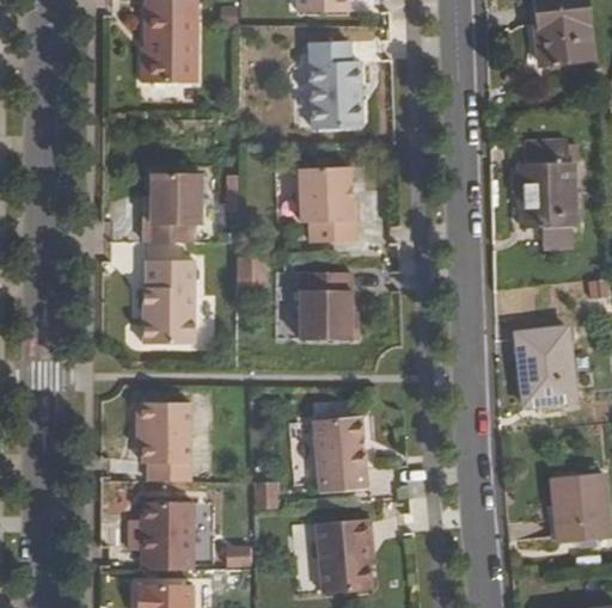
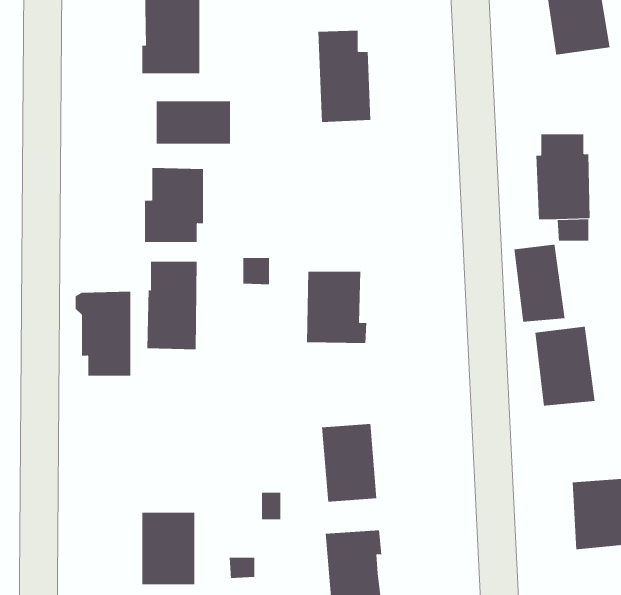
building: none -> [156,101,231,145]
building: [298,167,356,242] -> none
building: none -> [514,244,565,323]
building: [136,401,190,483] -> [75,291,131,376]

